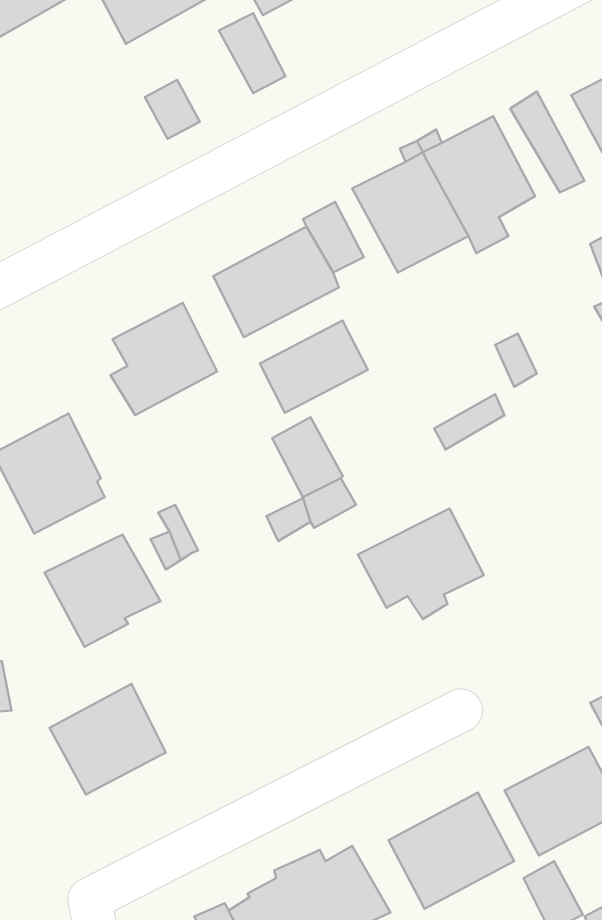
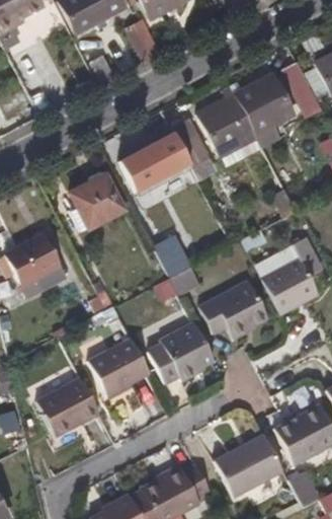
building: [260,320,368,413] -> none
building: none -> [260,257,318,313]
building: [44,534,161,647] -> [88,340,150,399]
building: none -> [143,316,213,378]

